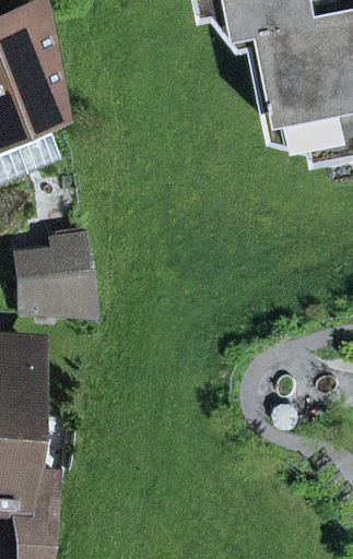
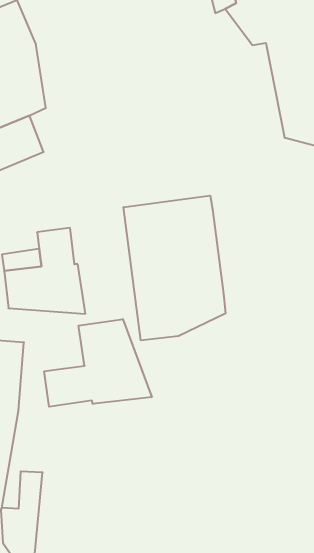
building: none -> [124,196,226,340]
building: none -> [44,319,152,407]

